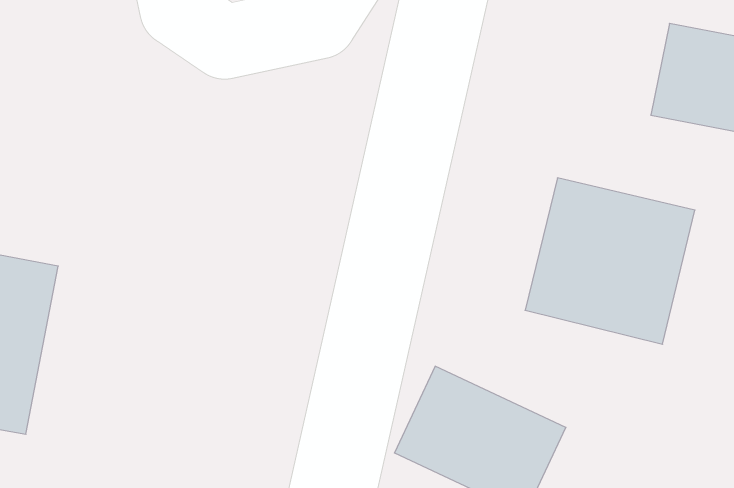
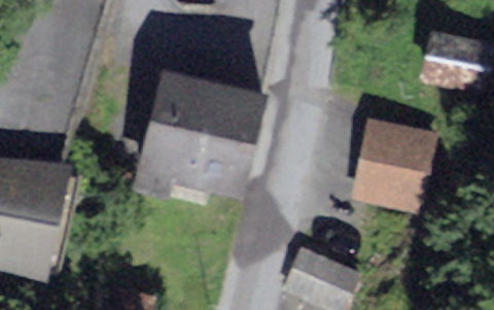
building: none -> [132,71,250,202]

